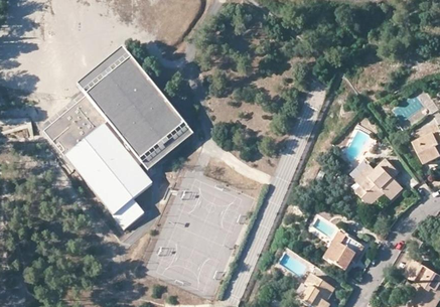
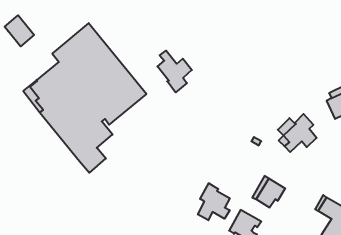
building: none -> [5,15,34,46]
building: none -> [157,51,192,92]
building: none -> [198,183,230,220]

